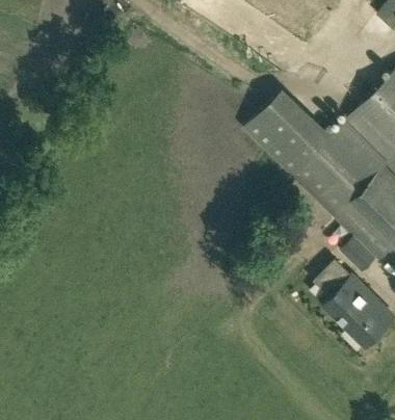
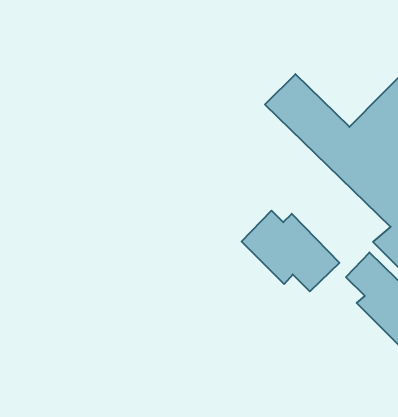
building: none -> [242,211,339,291]

